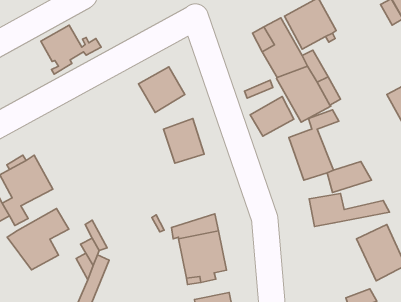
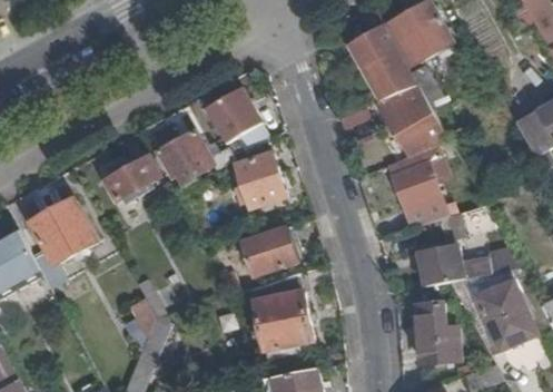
building: [41,25,101,74] -> [158,130,234,192]
building: [250,97,294,136] -> none
building: none -> [106,156,159,199]
building: none -> [239,220,296,275]
building: [7,209,69,270] -> none
building: none -> [417,304,458,364]

